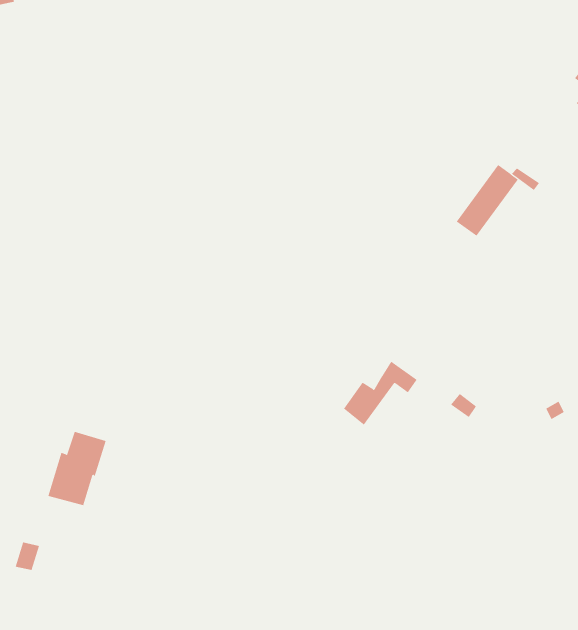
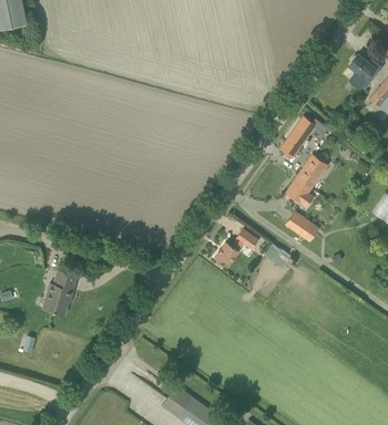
building: none -> [286,155,326,207]
building: none -> [285,211,318,241]

